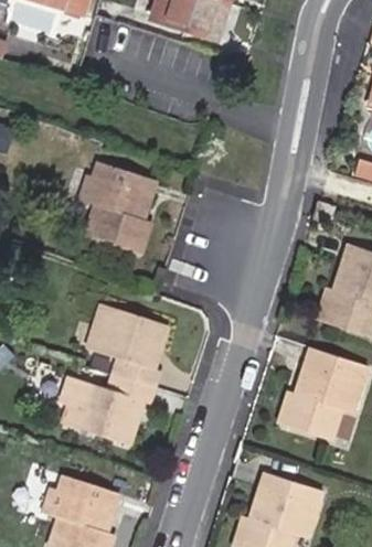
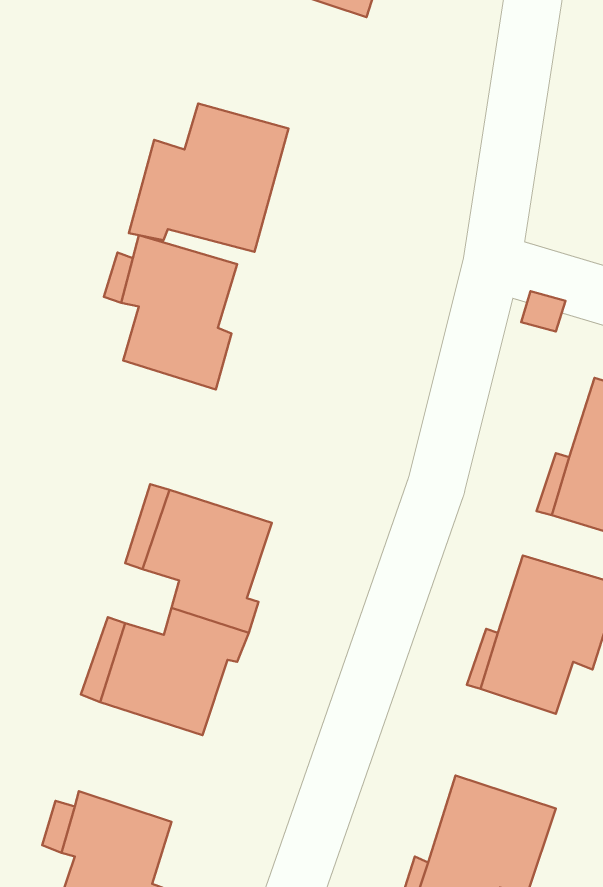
building: none -> [129,103,289,252]

